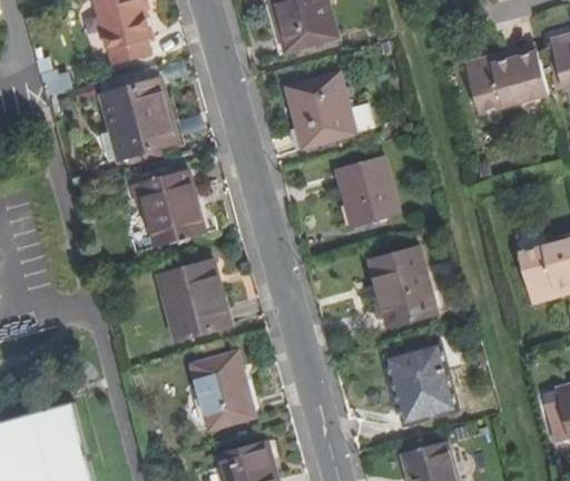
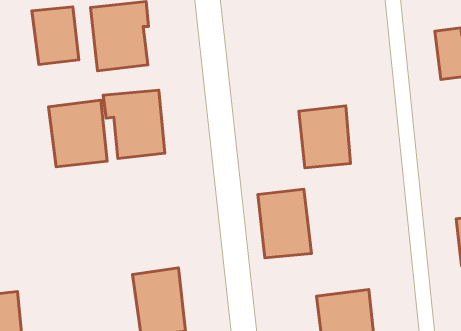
building: [286,72,355,146] -> none
building: none -> [32,7,79,65]
building: [370,247,435,325] -> [258,189,312,258]
building: [158,262,228,338] -> [48,100,107,167]

